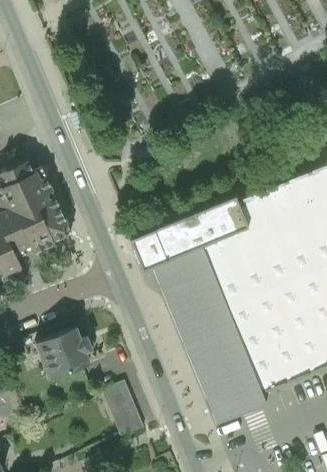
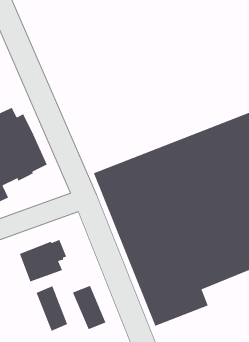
building: none -> [36,285,68,332]

